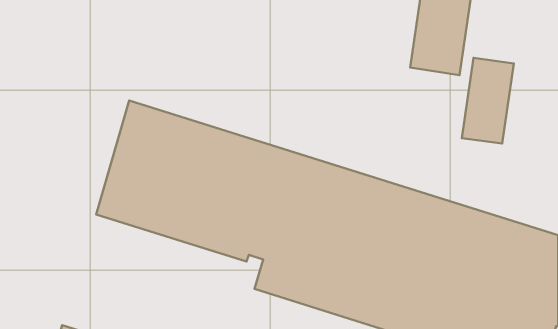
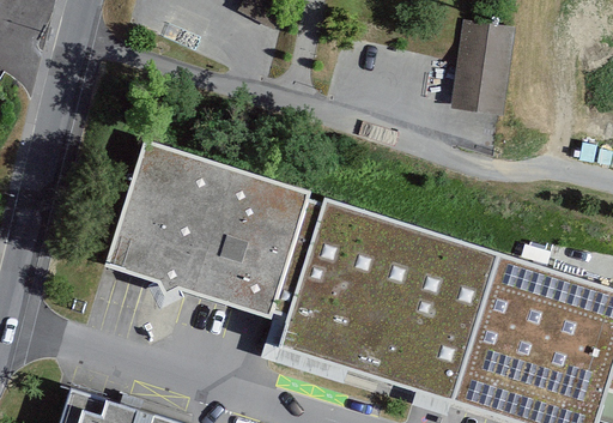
building: [462,58,514,144] -> none

